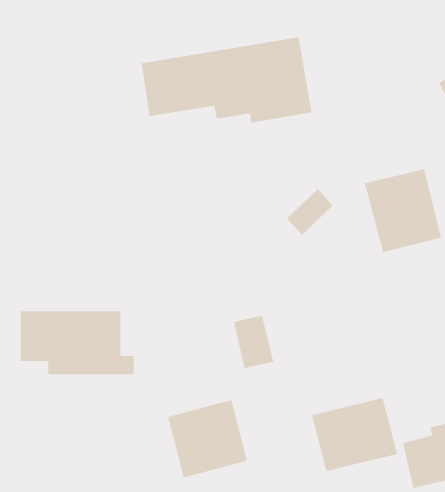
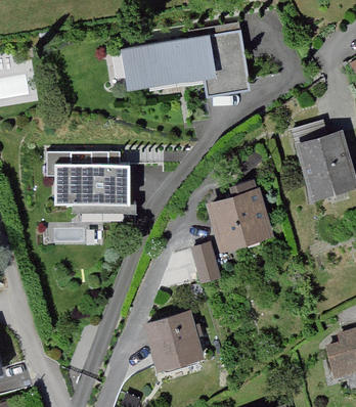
building: none -> [207,187,272,252]
building: [20,310,135,375] -> [53,165,142,215]
building: [311,397,398,472] -> none

